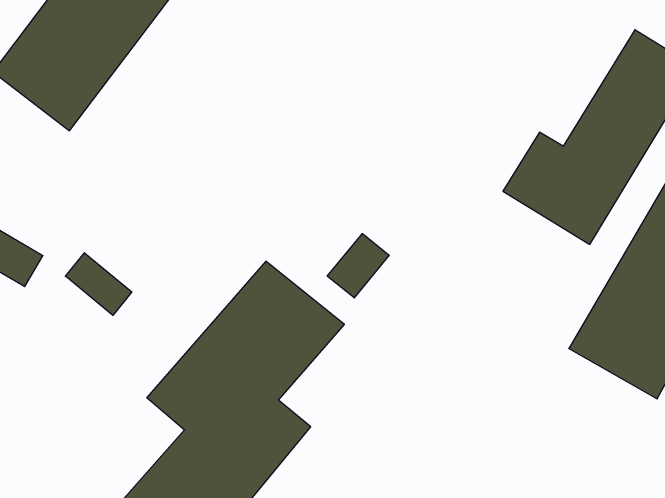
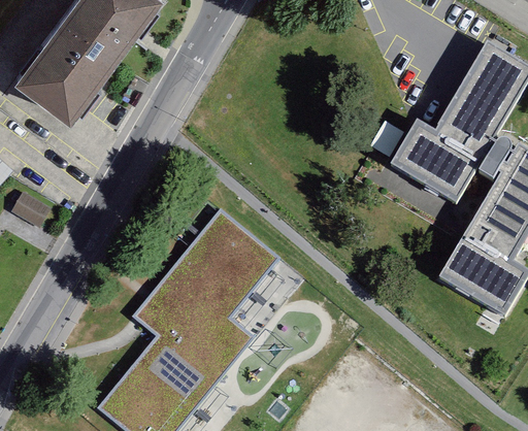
building: [327,234,389,298] -> none
building: [65,253,132,315] -> none

